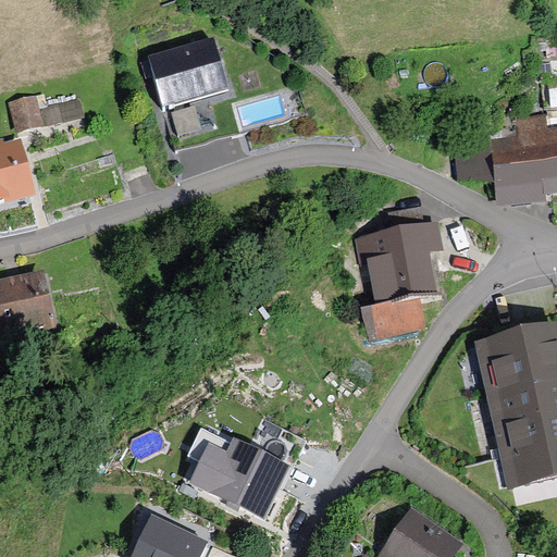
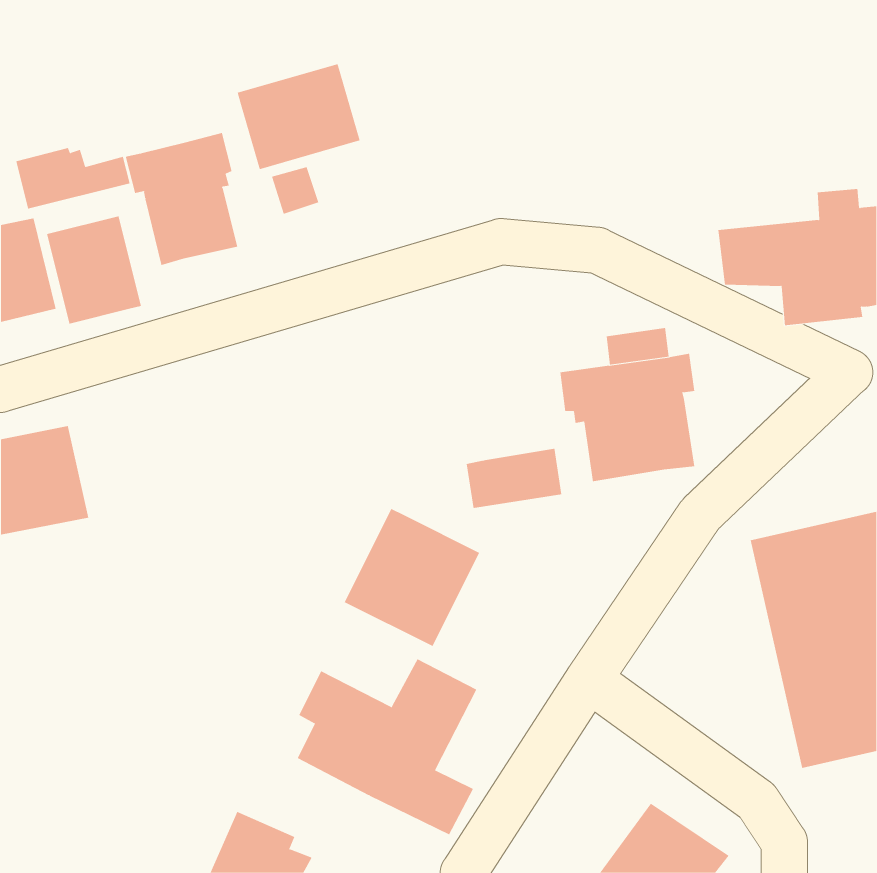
building: none -> [125,132,238,266]
building: none -> [47,216,142,324]
building: [364,298,425,336] -> [466,448,562,508]
building: none -> [344,508,480,647]

